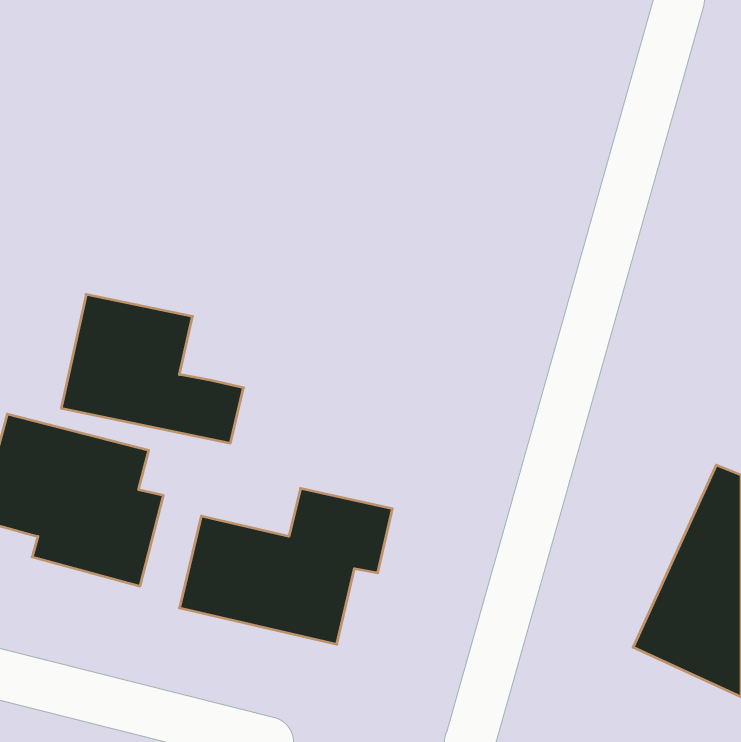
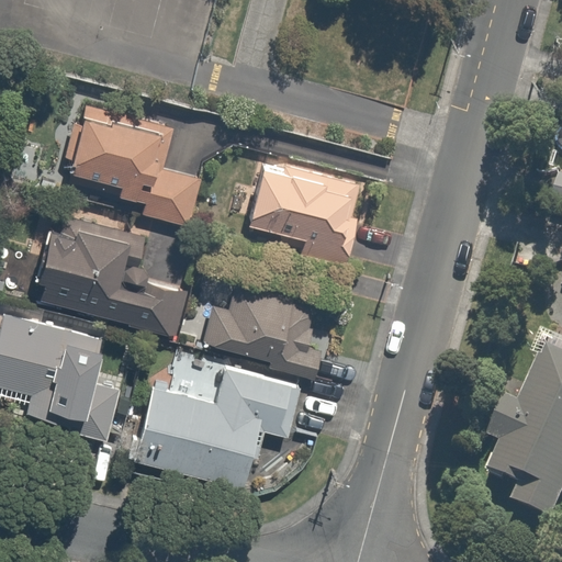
building: none -> [69,102,201,229]
building: none -> [244,157,366,265]
building: none -> [202,285,328,373]

